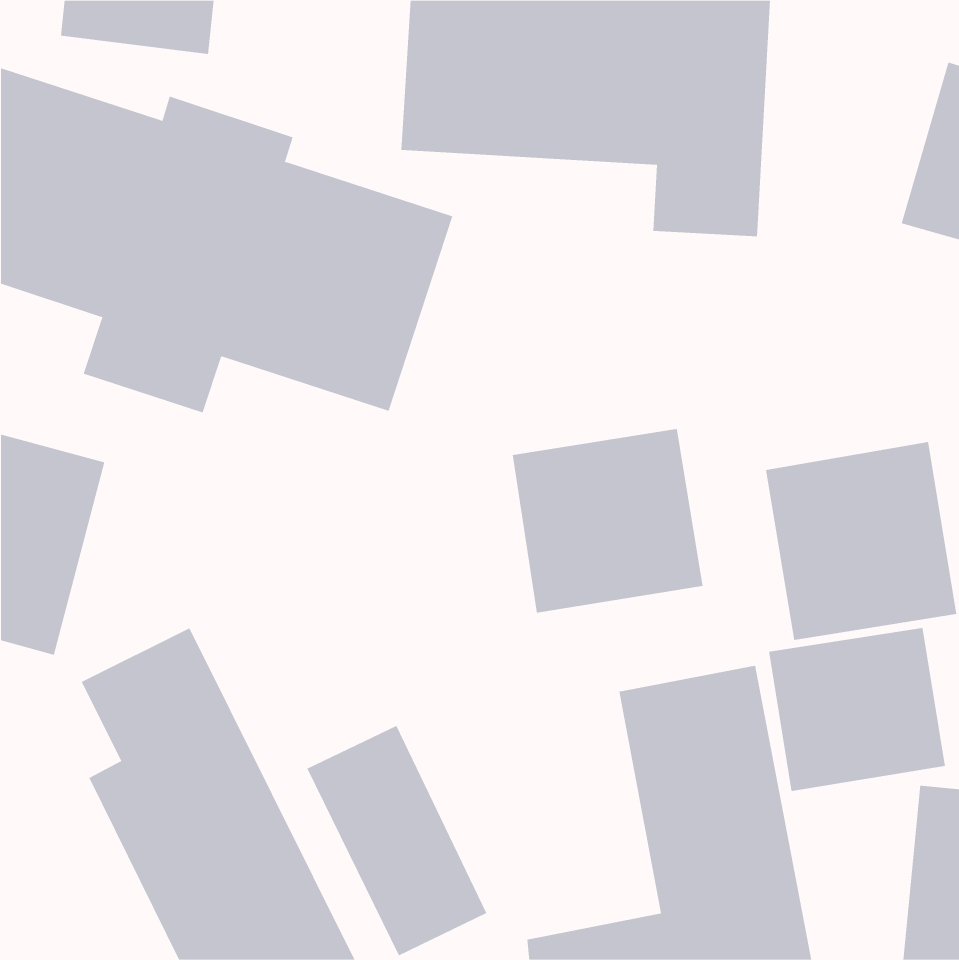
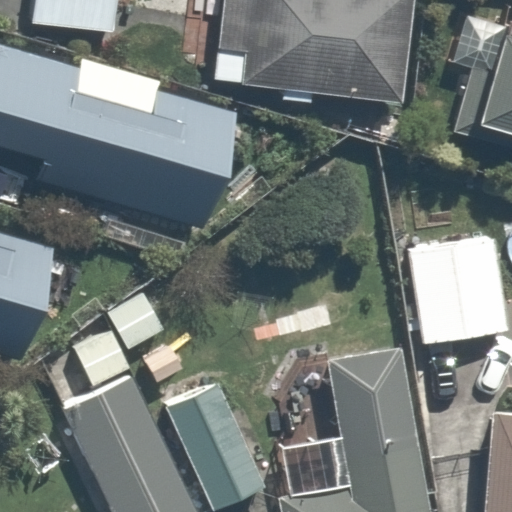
building: [512,428,703,614] -> none
building: [768,627,945,792] -> none

